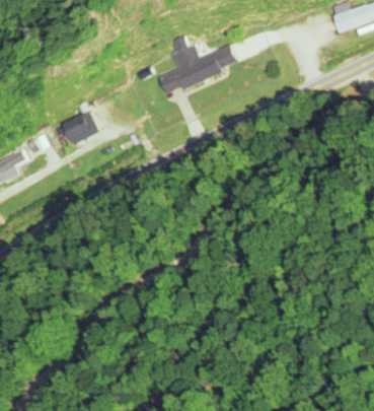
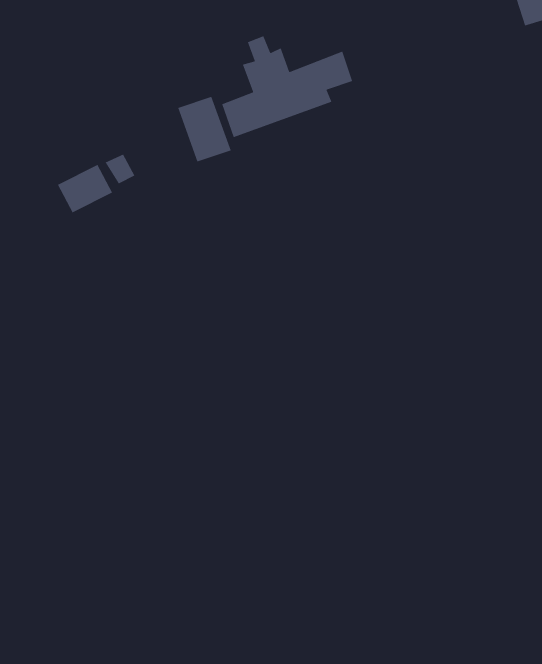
building: none -> [177,96,232,162]

